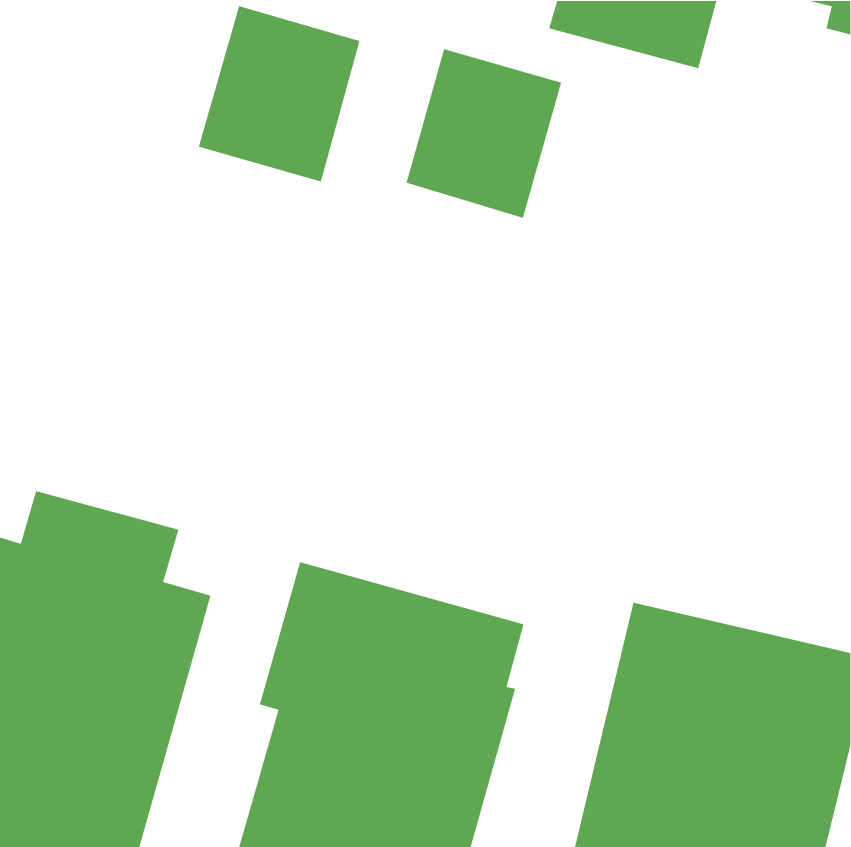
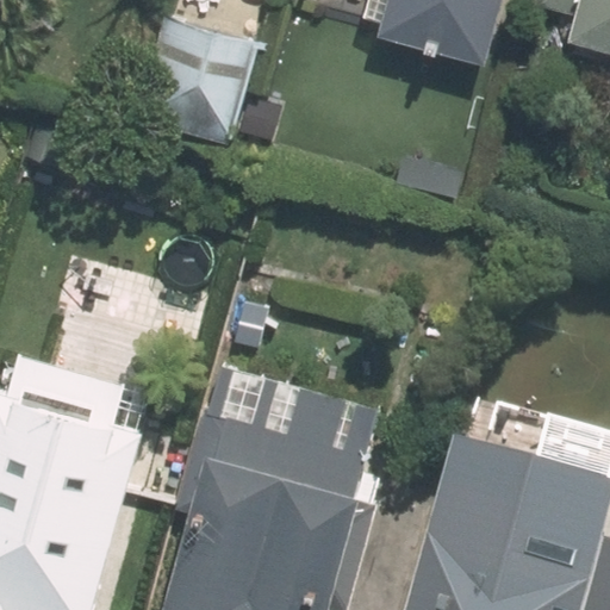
building: [405,48,562,219] -> none

